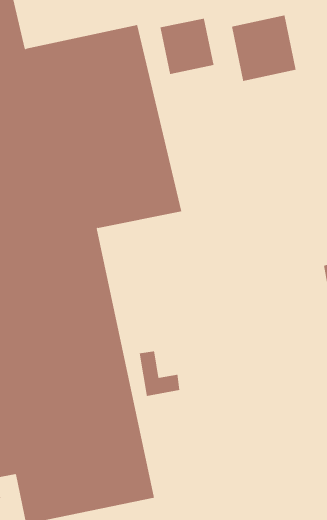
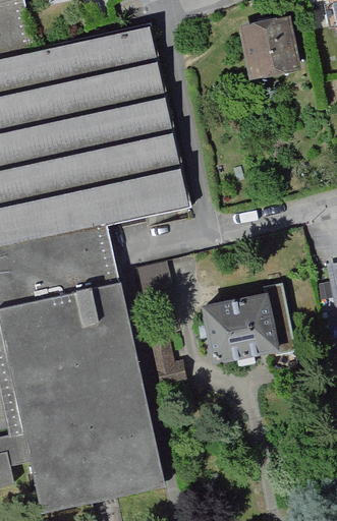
building: [160,18,214,75] -> none
building: none -> [203,288,293,370]

